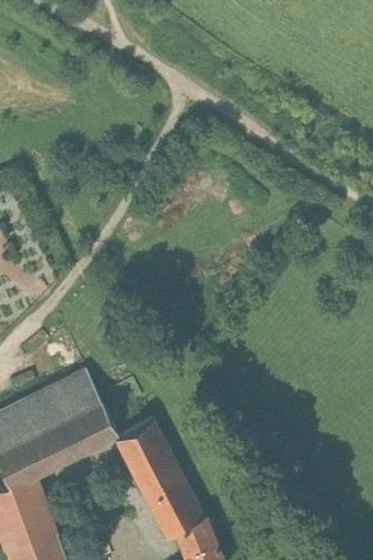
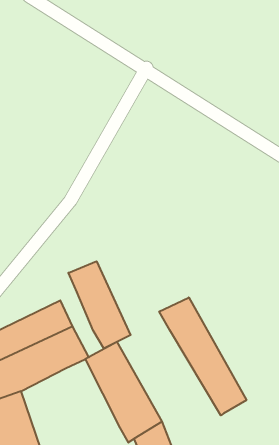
building: none -> [68,261,131,348]
building: none -> [159,297,246,415]

